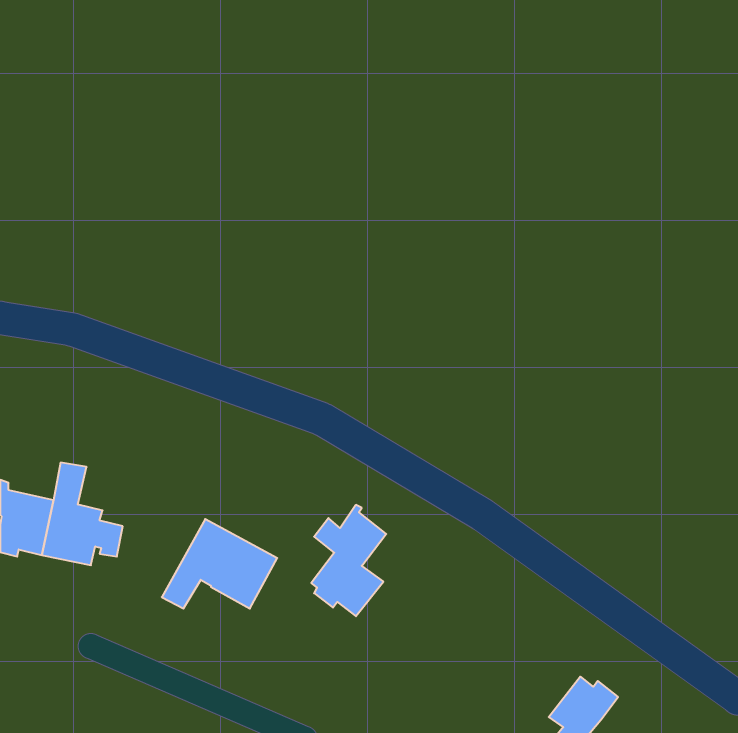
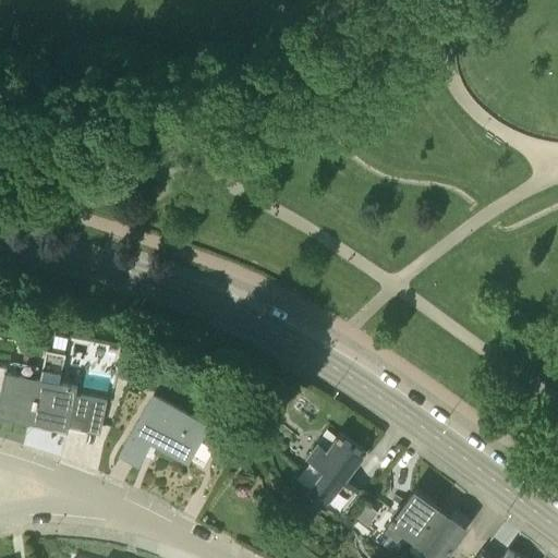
building: [311,505,386,616] -> [305,436,362,520]
building: none -> [385,492,438,545]

